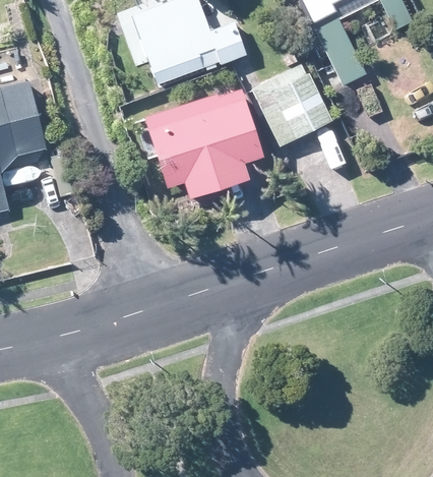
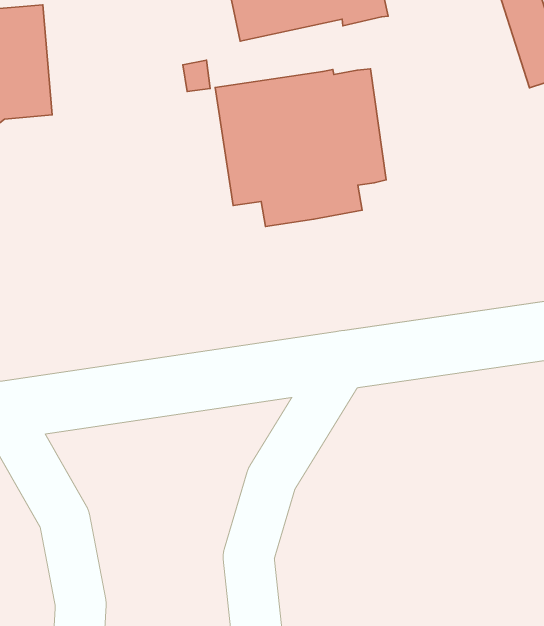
building: [251,64,332,147] -> none

